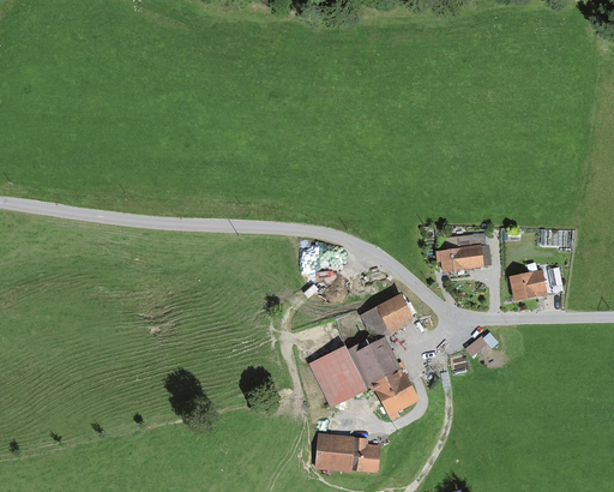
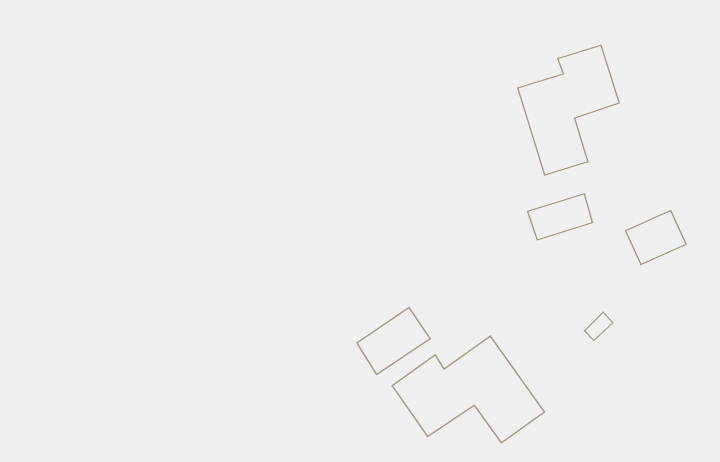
building: none -> [518,45,619,175]
building: [360,293,416,340] -> [357,307,430,374]

